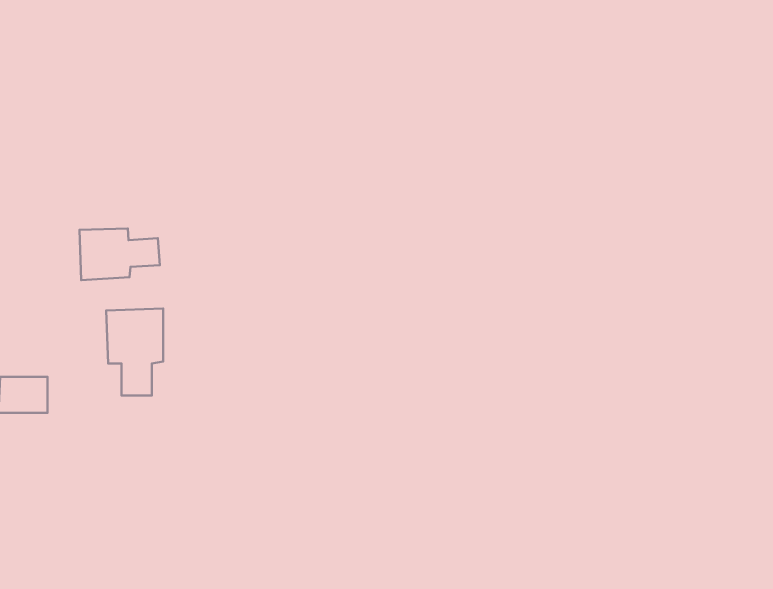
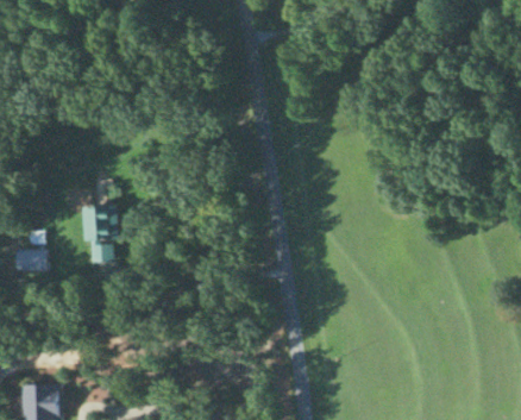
building: [79,228,160,280] -> none

